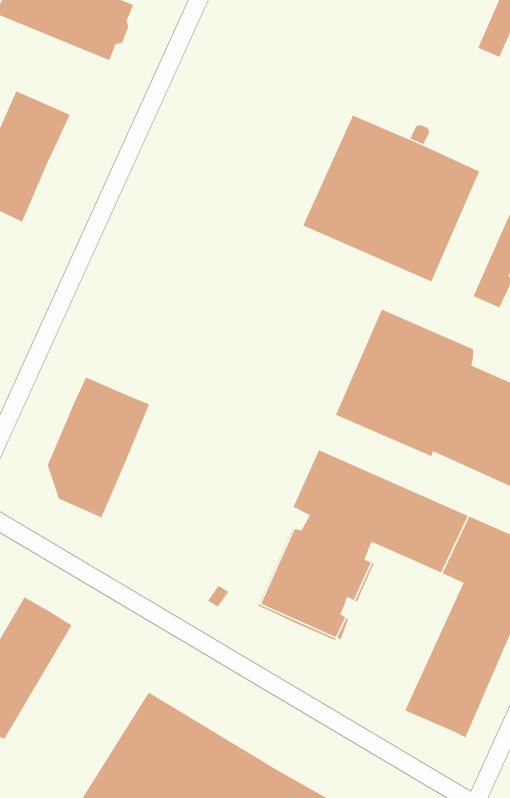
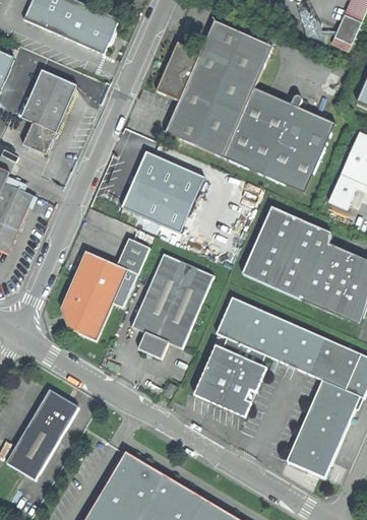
building: none -> [156,19,271,156]
building: none -> [122,150,205,232]
building: none -> [113,238,149,307]
building: none -> [131,253,215,358]

